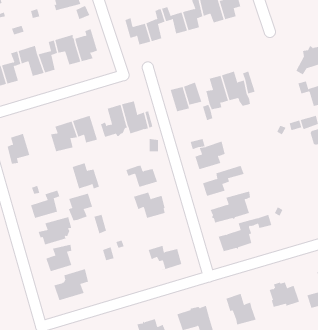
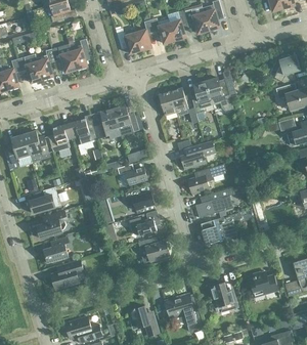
building: [72,162,100,189] -> [23,130,48,155]
building: [68,193,93,221] -> none
building: none -> [128,210,159,236]

